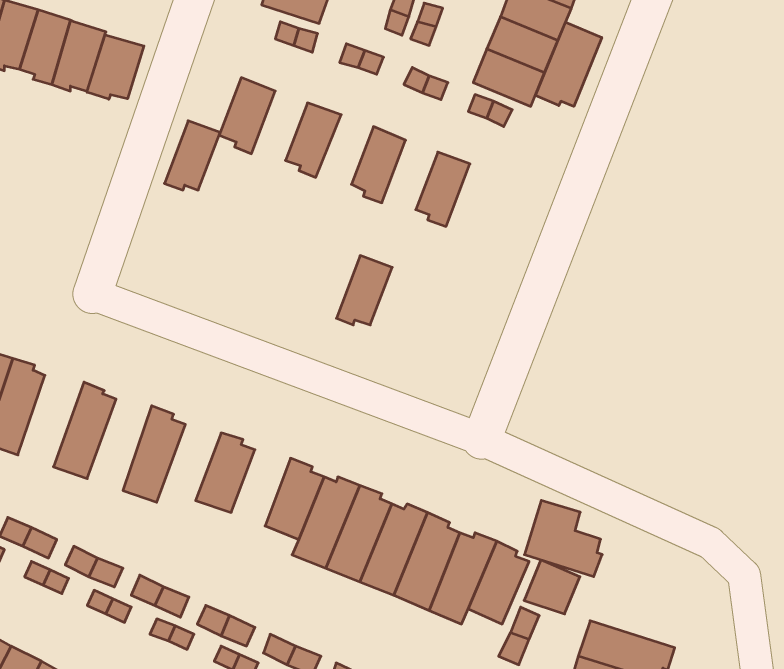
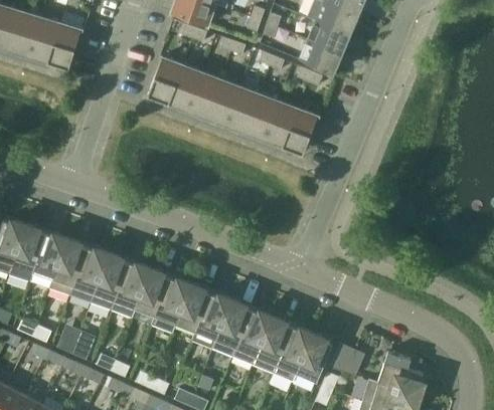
building: [535,22,602,106] -> none
building: [87,35,144,99] -> none
building: none -> [206,79,240,121]
building: [164,121,220,190] -> [168,65,201,107]
building: none -> [284,109,318,151]
building: [336,256,392,325] -> [245,94,279,136]
building: none -> [29,233,68,288]
building: none -> [70,248,109,302]
building: none -> [112,263,150,318]
building: none -> [152,278,191,333]
building: [524,500,602,577] -> [378,351,425,396]

